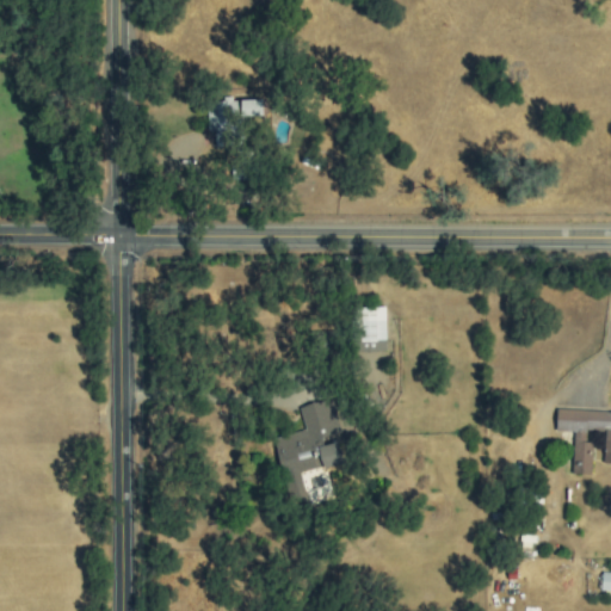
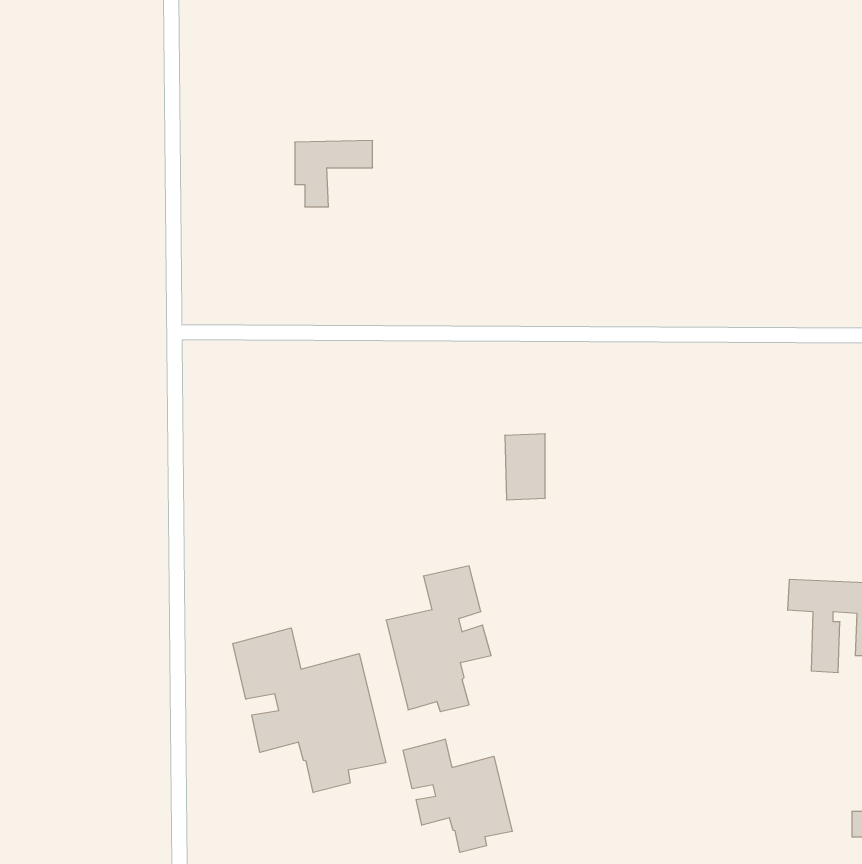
building: none -> [233,628,386,793]
building: none -> [403,739,512,852]

